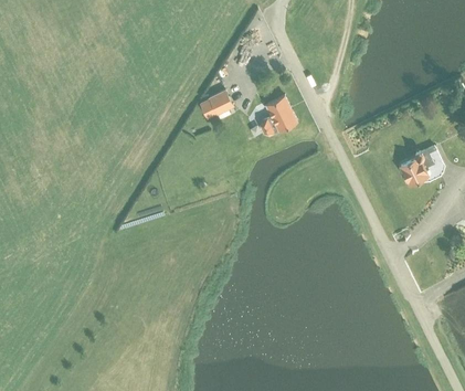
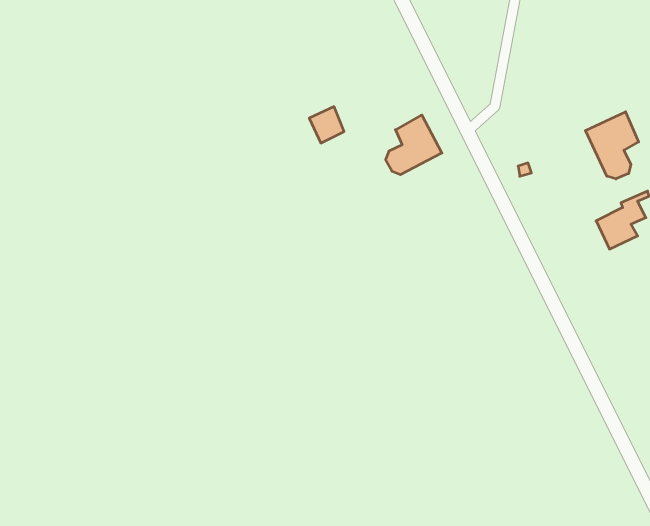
building: none -> [585,112,639,179]

